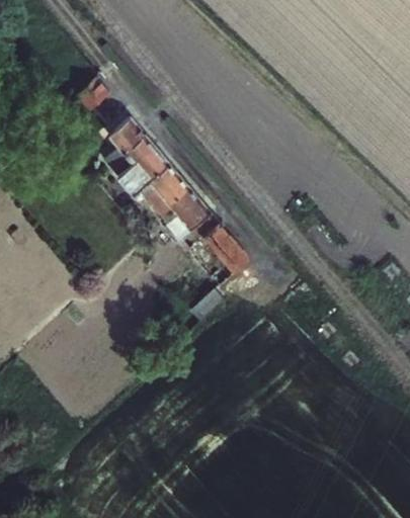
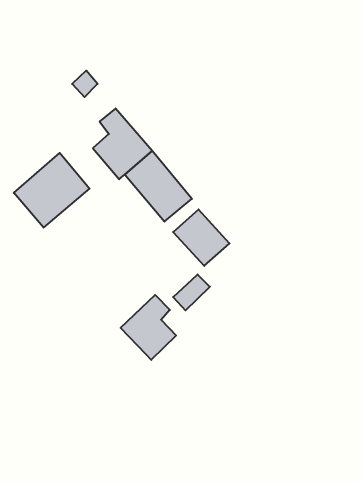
building: none -> [14,153,90,228]
building: none -> [121,295,176,360]

